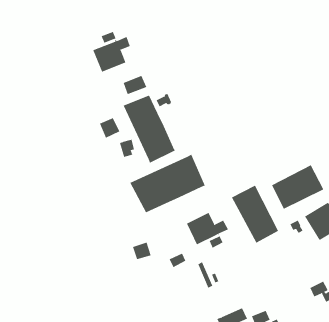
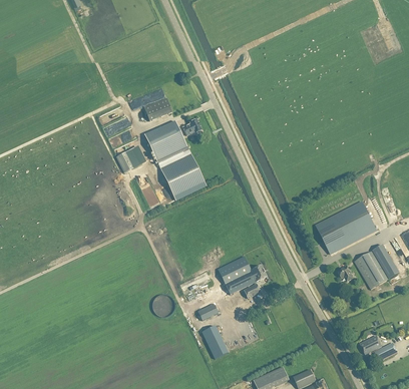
building: [92,31,130,72] -> none
building: [129,154,205,213] -> none
building: [231,185,279,244] -> none
building: none -> [201,325,228,358]

